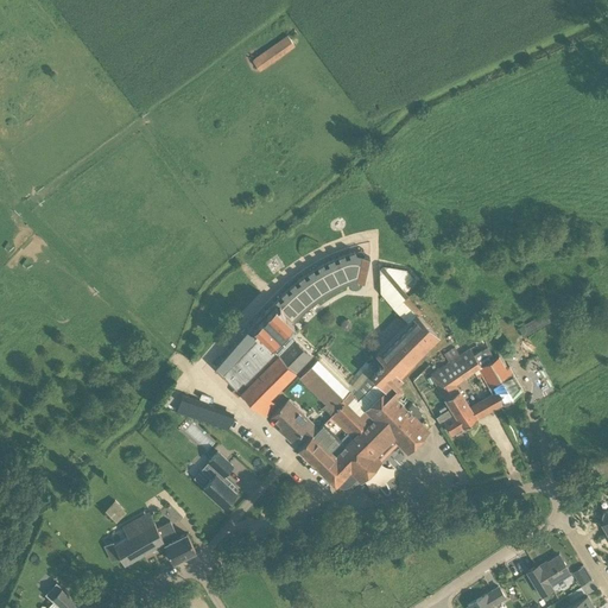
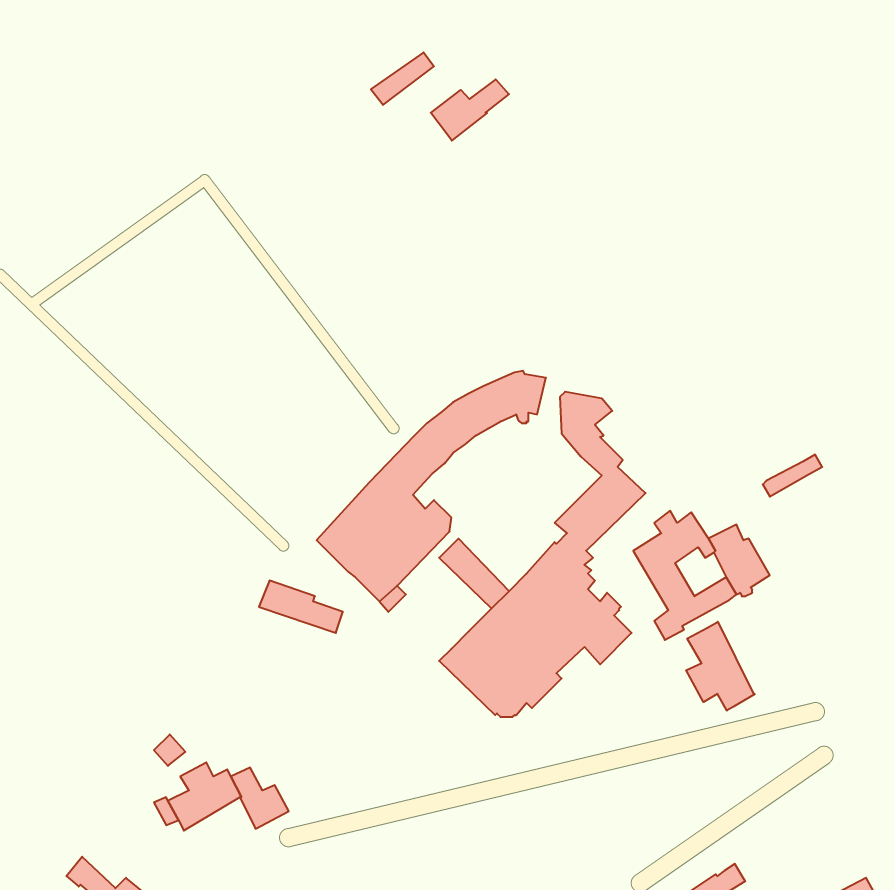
building: none -> [431,79,509,141]
building: [271,403,318,444] -> none
building: none -> [686,622,755,711]
building: [201,454,235,508] -> none
building: [527,557,570,597] -> none

